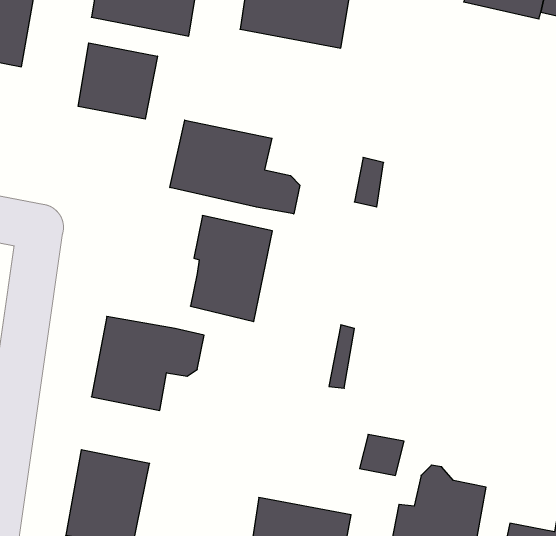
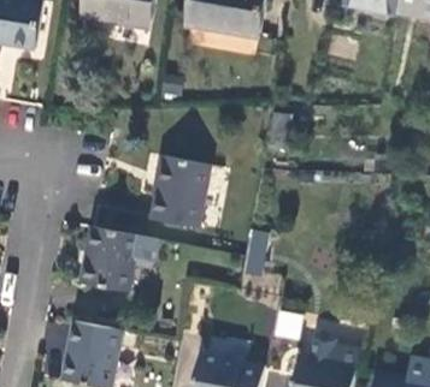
building: [78,43,157,119] -> none
building: [170,120,300,214] -> none

